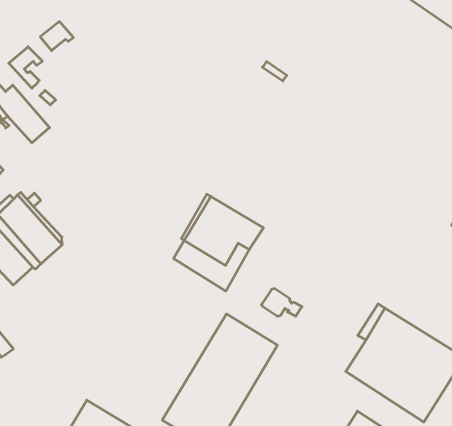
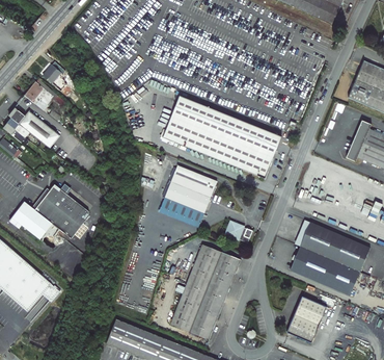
building: none -> [163,96,281,178]

